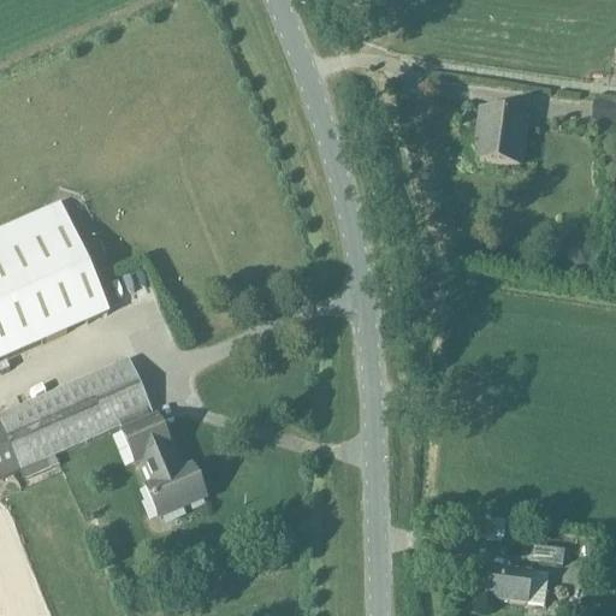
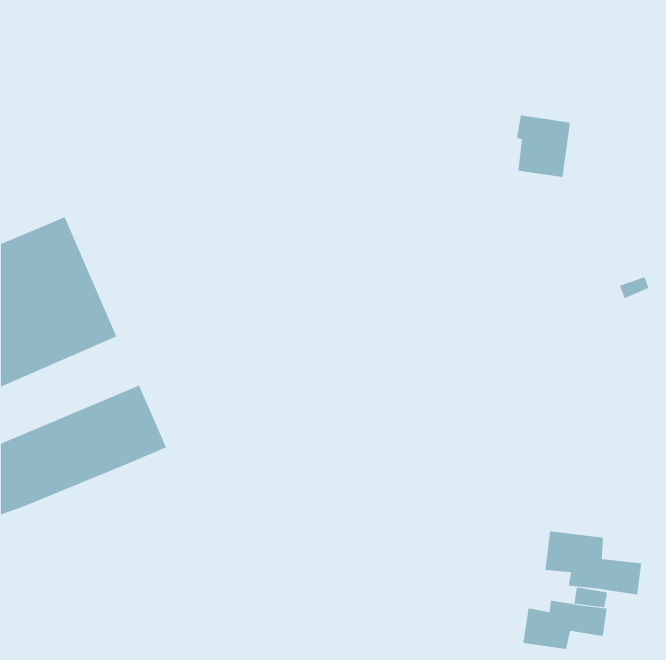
building: [120,413,206,514] -> none
building: none -> [545,531,642,596]

